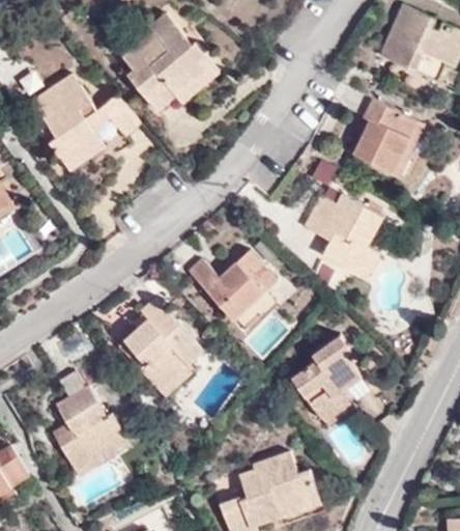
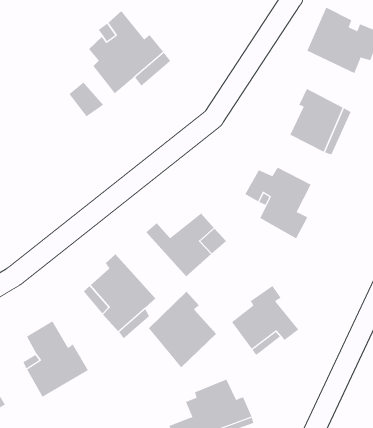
building: [34,76,108,172] -> none
building: none -> [148,291,217,368]

